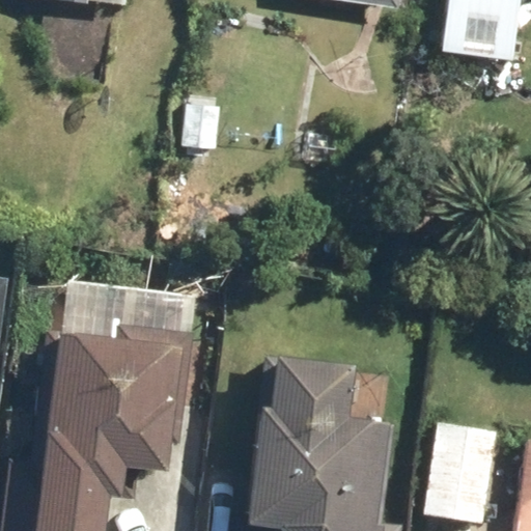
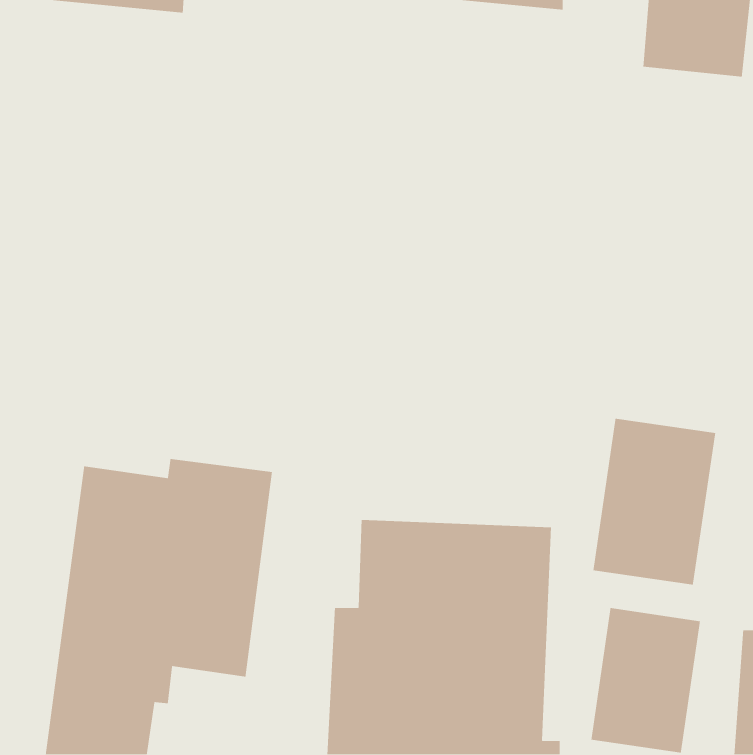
building: none -> [592,418,716,586]

